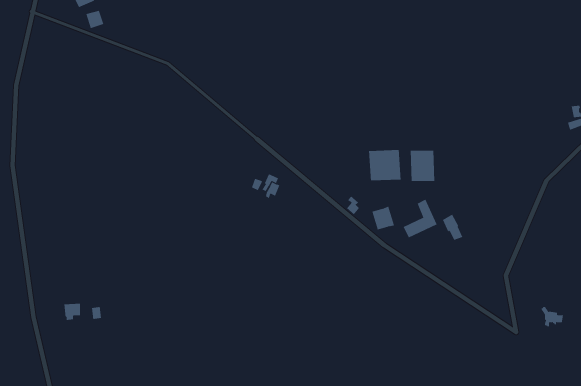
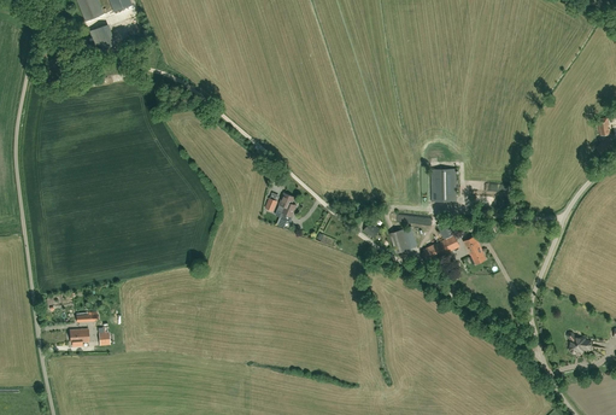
building: [369,149,401,181] -> none

